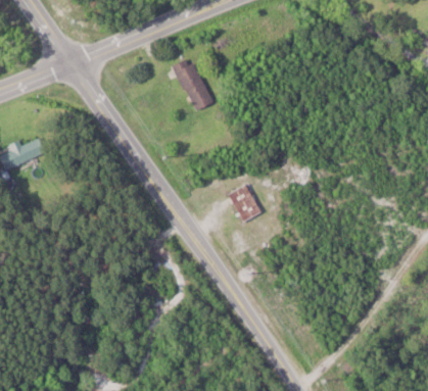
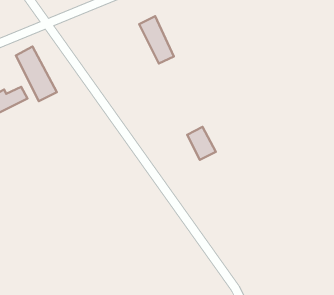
building: none -> [16,47,57,101]

